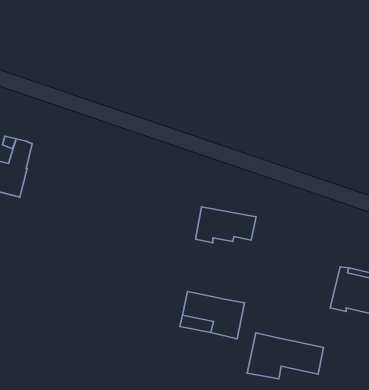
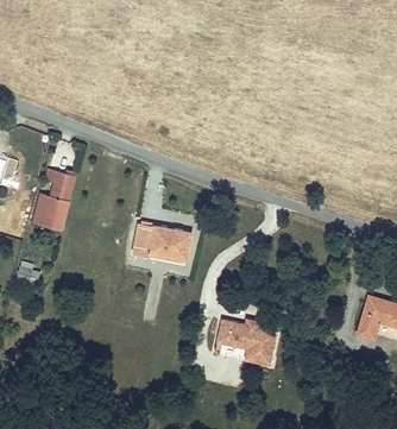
building: [195,207,256,243] -> [133,222,191,257]
building: [247,333,323,379] -> none

